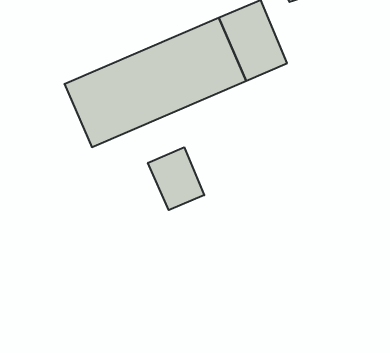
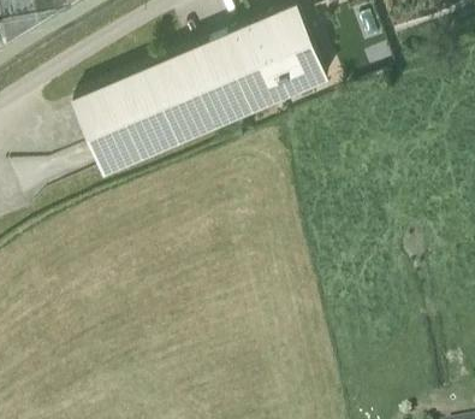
building: [148,147,204,210] -> none

